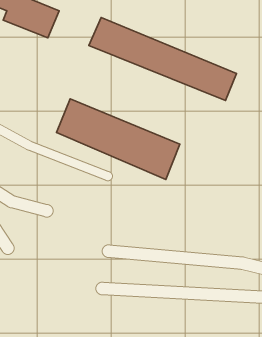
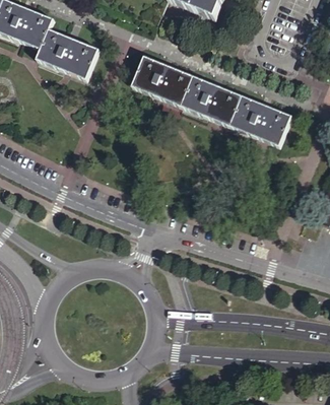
building: [56,99,180,179] -> none

